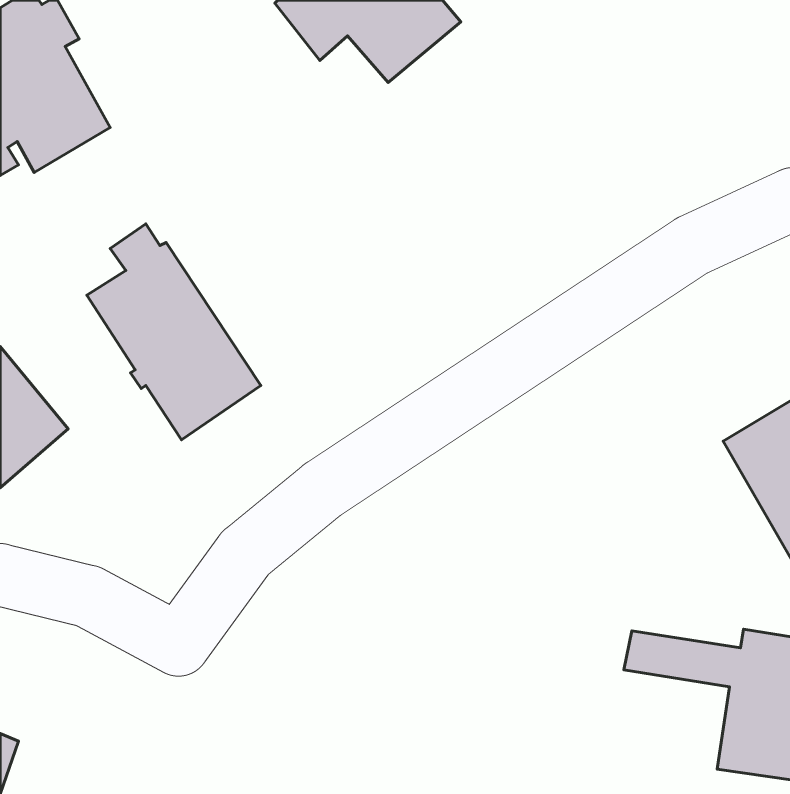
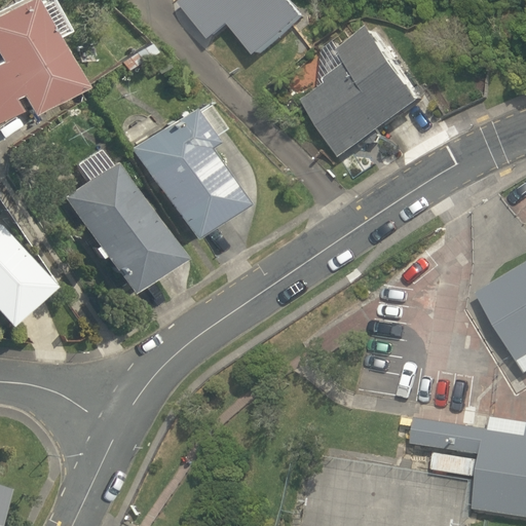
building: none -> [305,26,426,156]
building: none -> [126,106,237,236]

